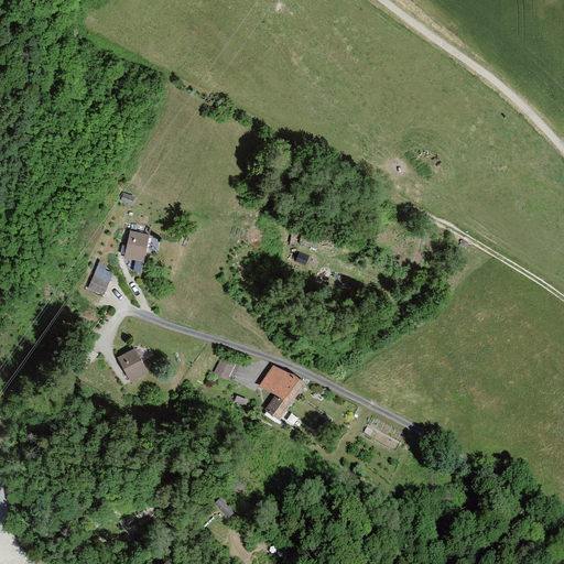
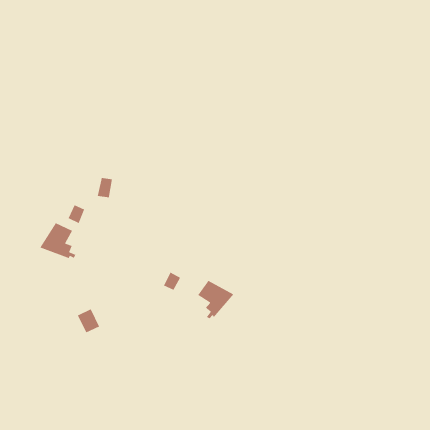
building: none -> [39,222,77,259]
building: [117,347,148,380] -> [77,308,100,334]

